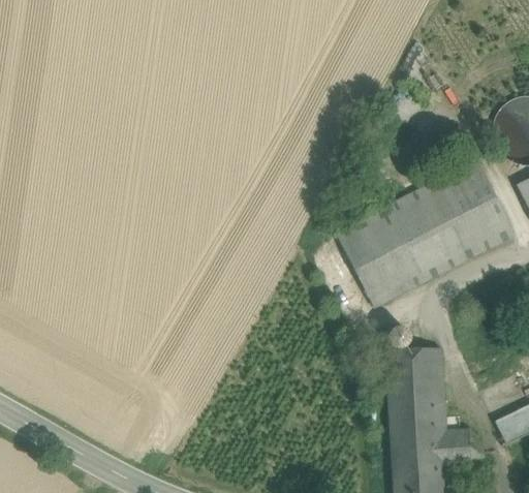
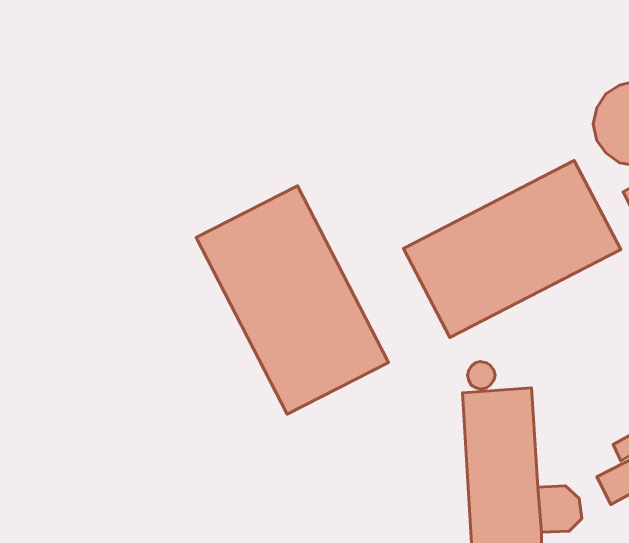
building: none -> [196,186,388,414]

